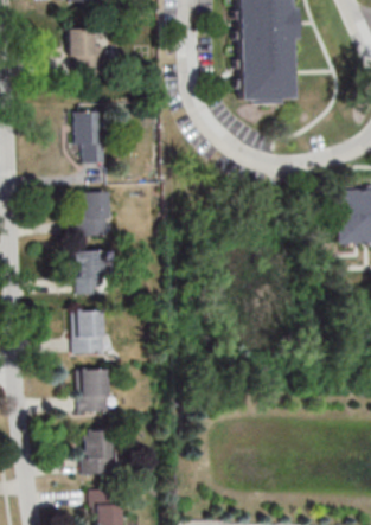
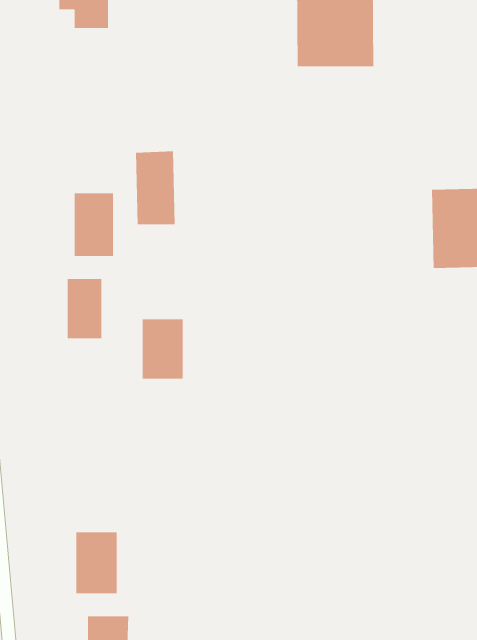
building: [77,110,105,162] -> [135,151,175,225]
building: [75,310,104,353] -> [142,319,184,379]
building: [81,369,109,412] -> none

